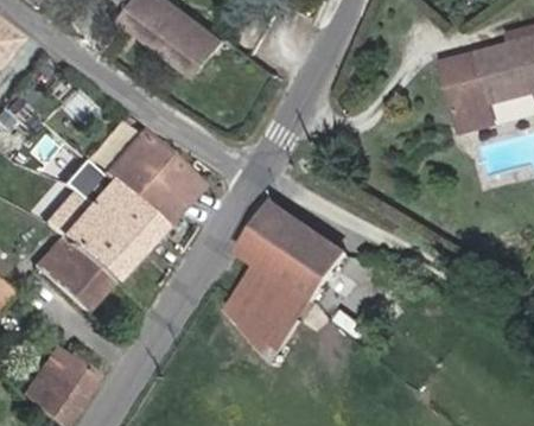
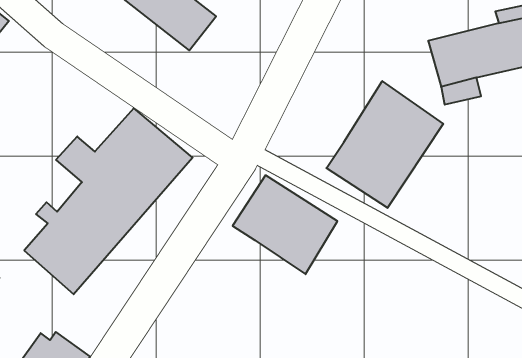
building: none -> [326,81,443,208]
building: [234,265,311,360] -> none

